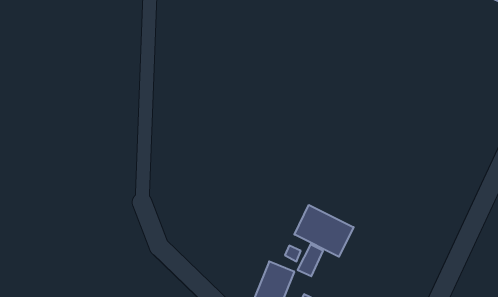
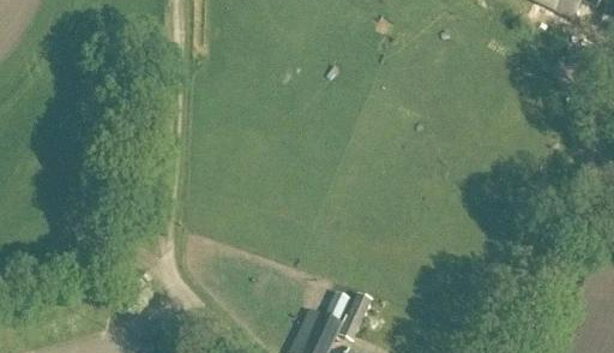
building: [294,205,354,257] -> none

